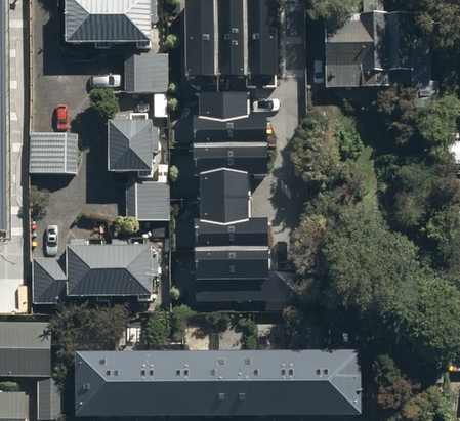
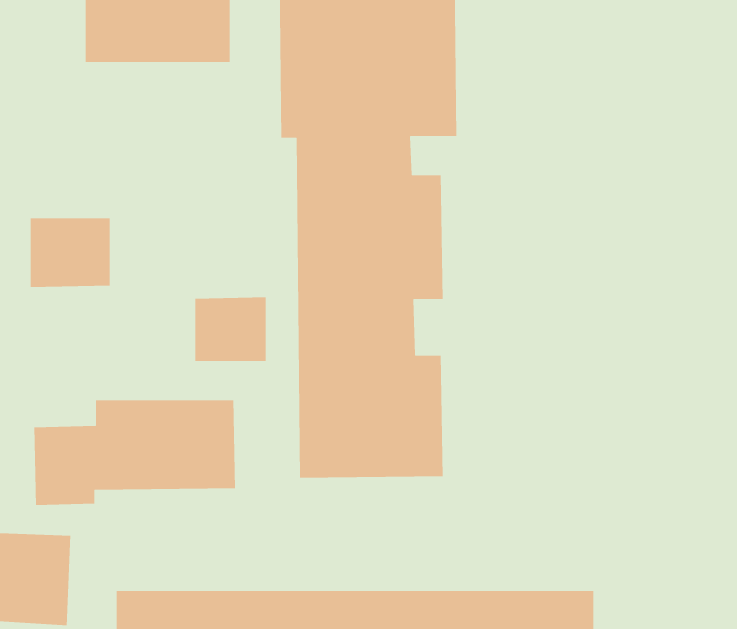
building: [327,11,437,112] -> none
building: [124,52,168,89] -> none
building: [108,118,150,168] -> none

